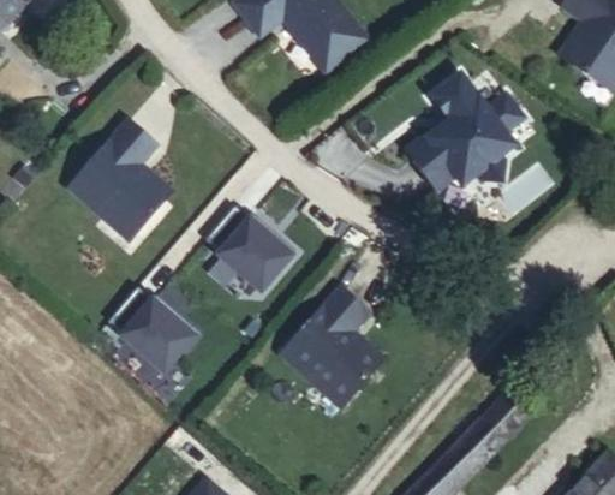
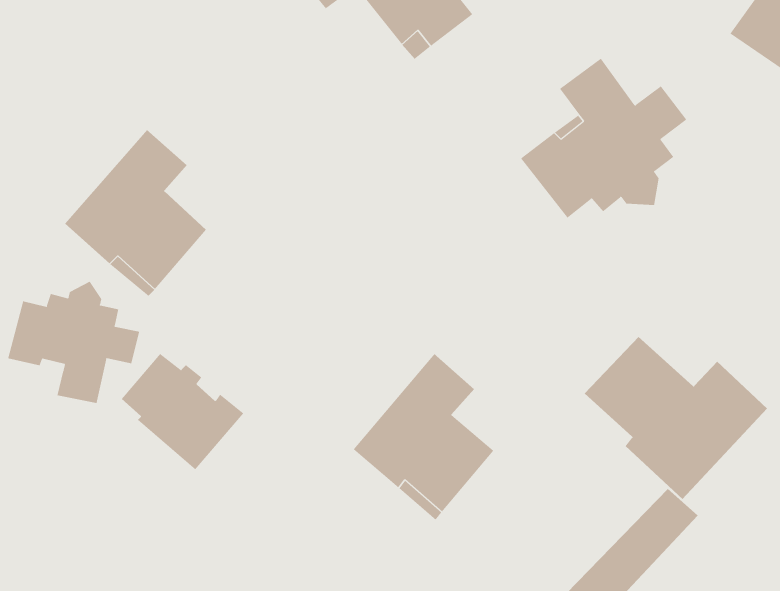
building: [201,213,291,298] -> none
building: none -> [7,281,140,404]
building: none -> [584,336,768,500]

